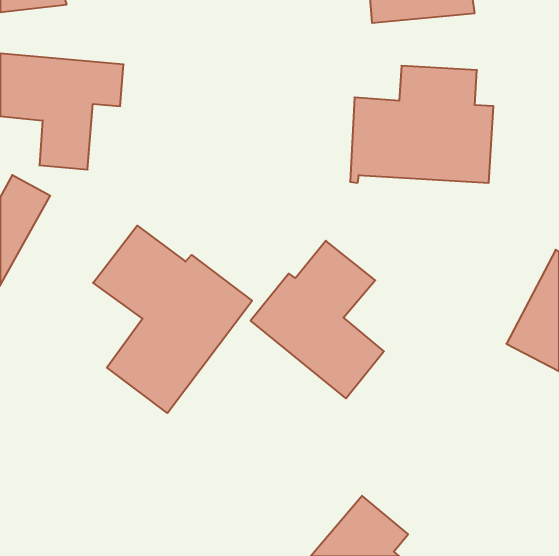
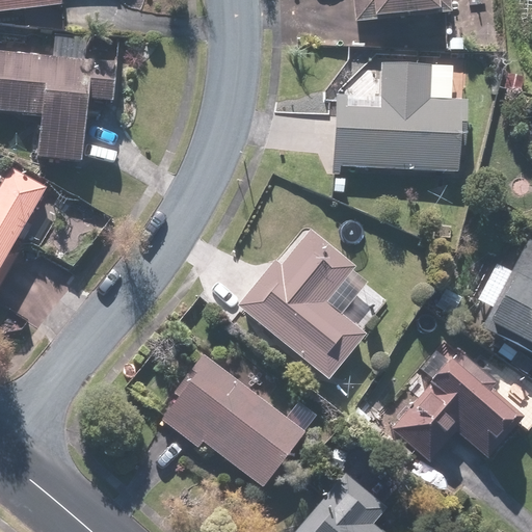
building: [93,226,252,413] -> none
building: none -> [391,350,523,460]
building: none -> [162,353,305,485]

